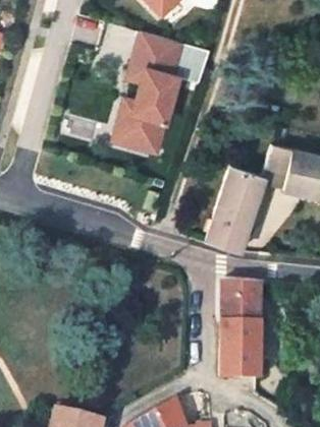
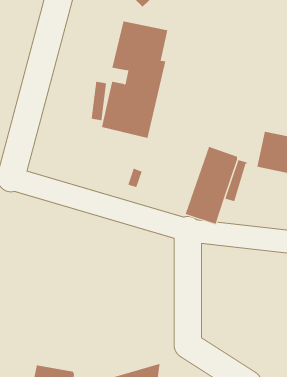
building: [266,143,295,187] -> none
building: [222,280,265,379] -> none

